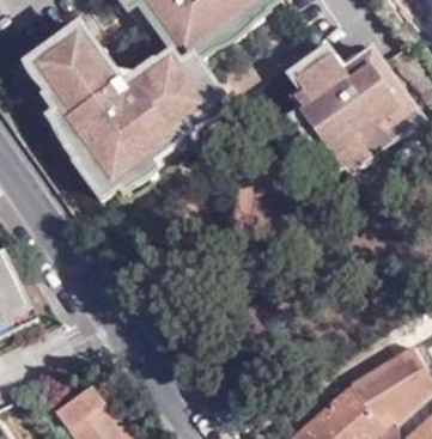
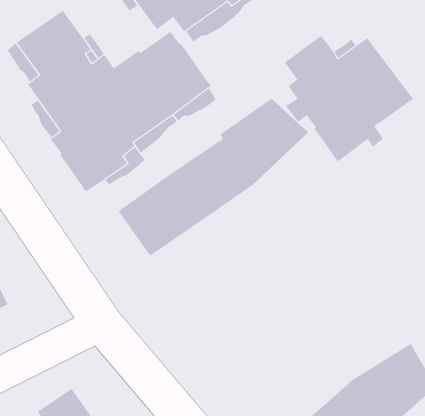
building: none -> [118,98,309,257]

